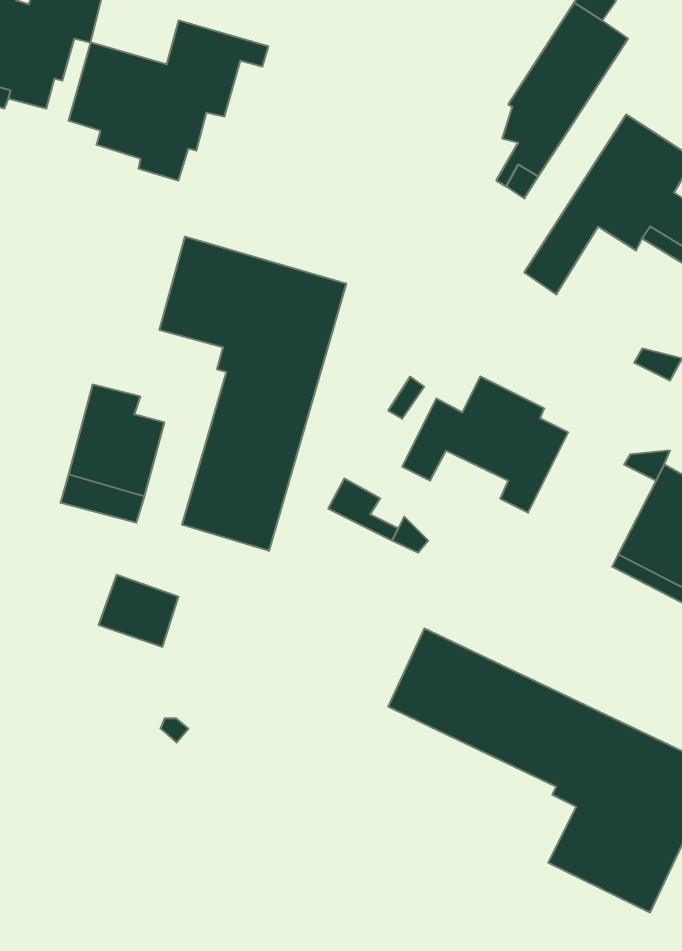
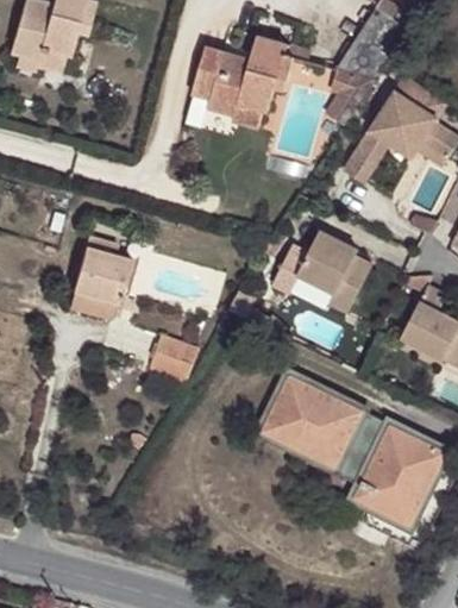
building: [68,21,268,181] -> [192,33,310,129]
building: [160,236,346,551] -> none
building: [99,575,179,647] -> [150,336,197,378]

